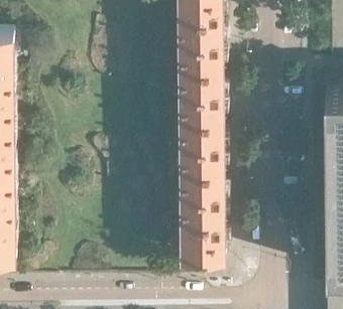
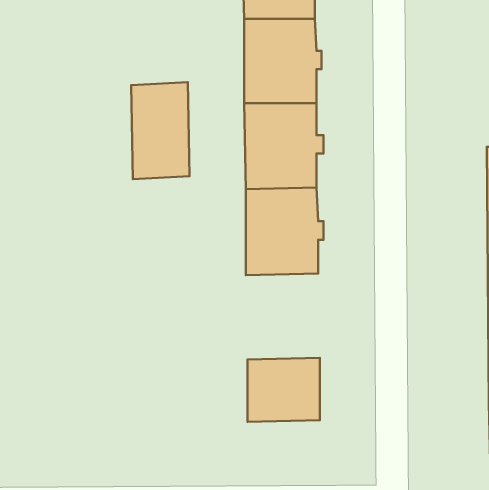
building: none -> [131,82,190,179]
building: [181,175,228,226] -> none

